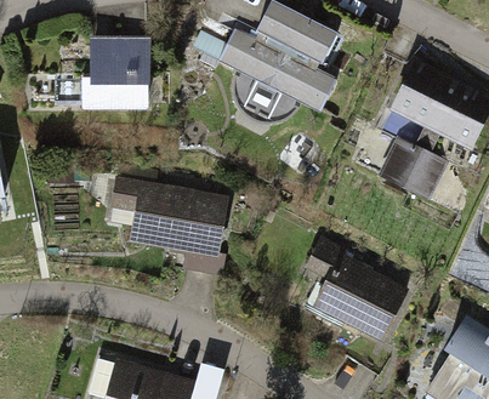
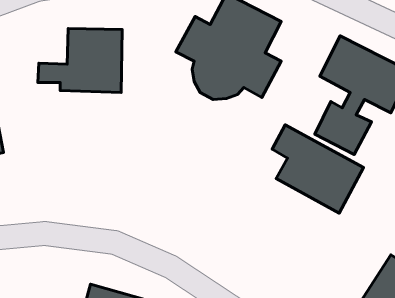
building: [108,172,227,274] -> none
building: [301,235,410,341] -> [272,125,363,213]

